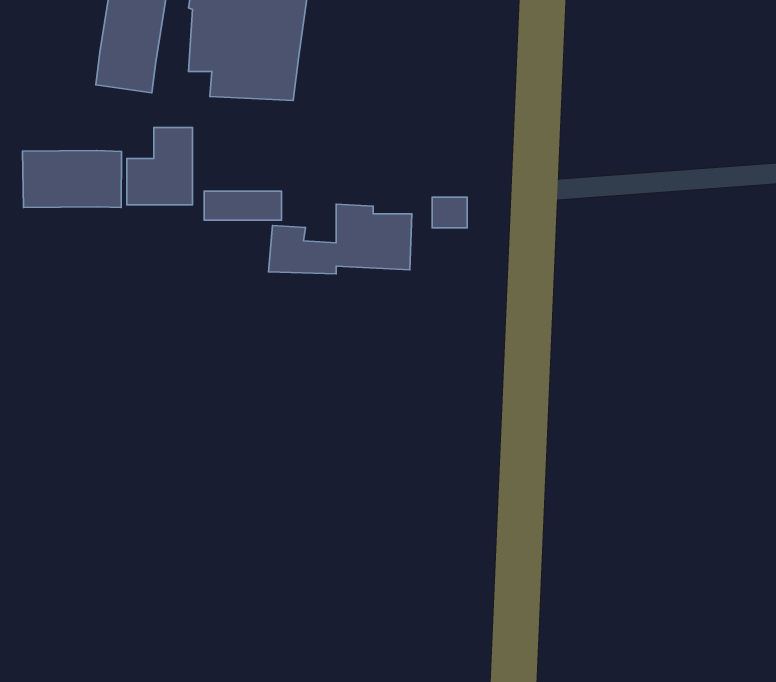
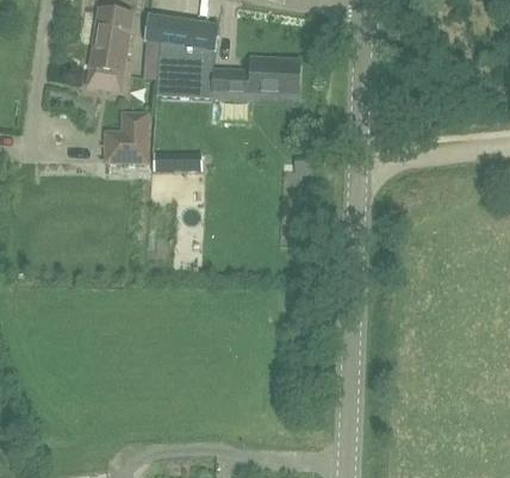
building: [23,150,122,208] -> none
building: [269,204,412,274] -> [210,55,298,98]

